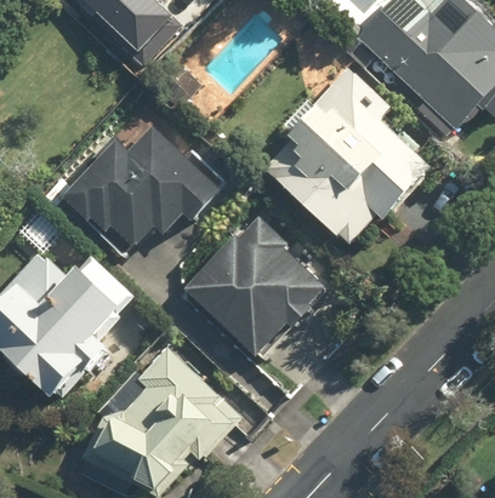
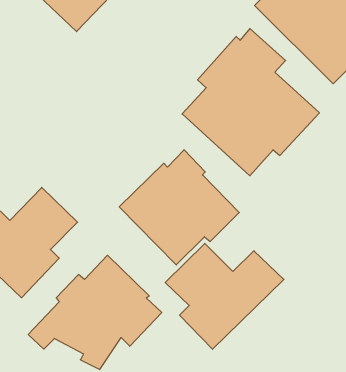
building: [62,124,222,250] -> none
building: none -> [165,243,284,349]

